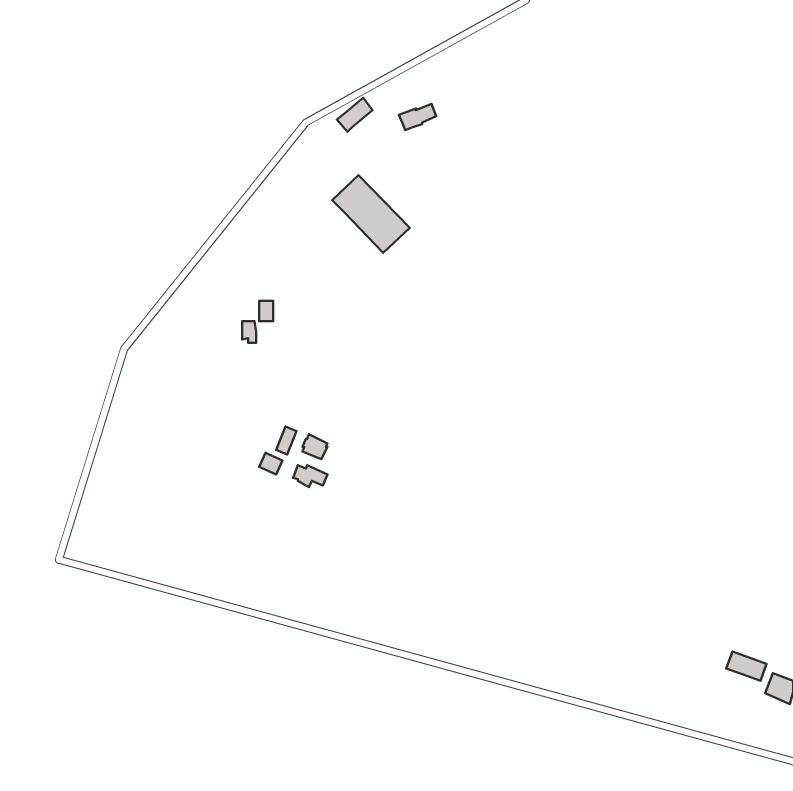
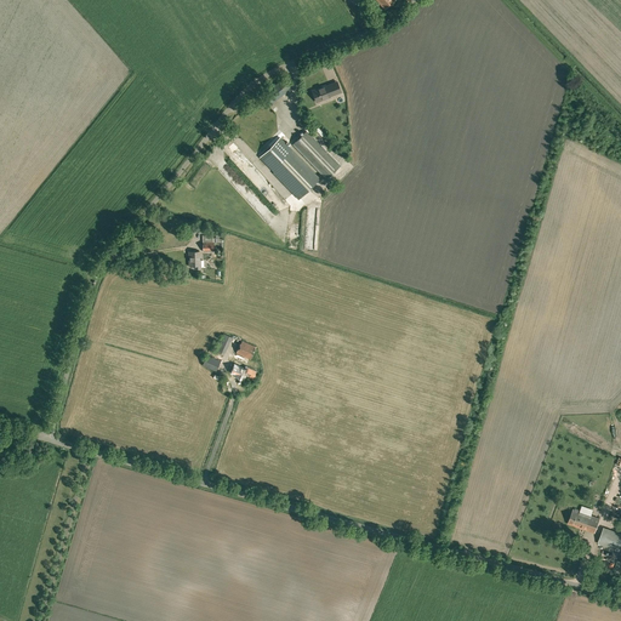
building: none -> [292,132,340,180]

